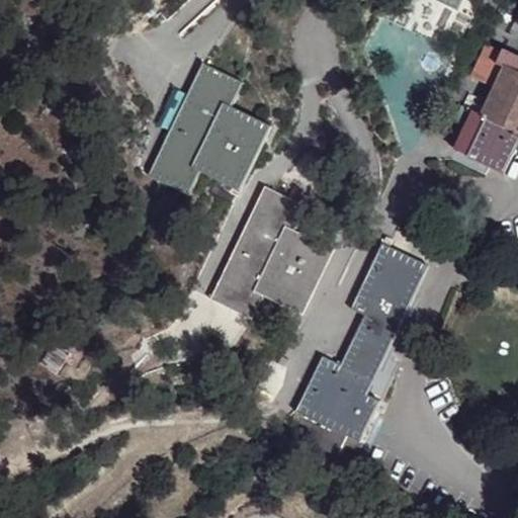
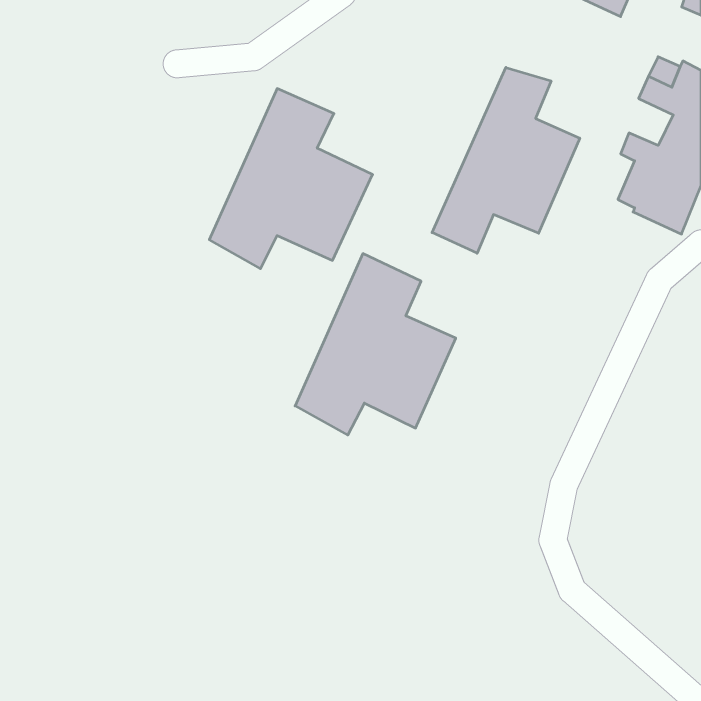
building: none -> [432,67,580,253]
building: [296,240,427,455] -> none

